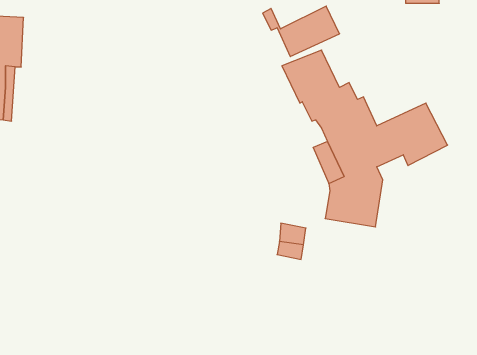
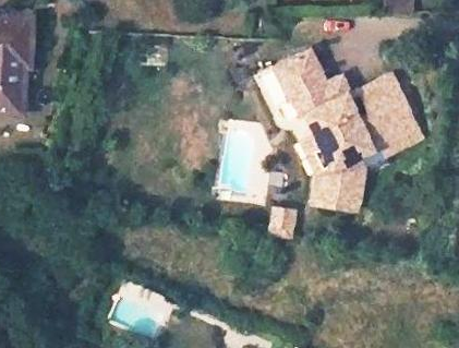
building: [263,6,340,57] -> [333,72,402,118]

